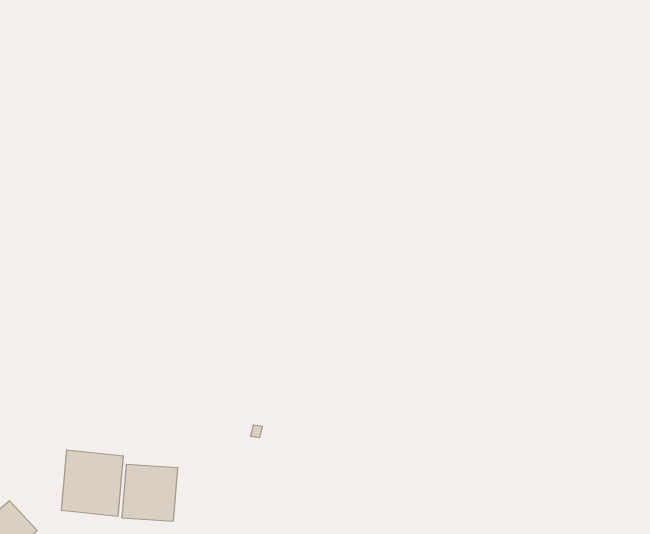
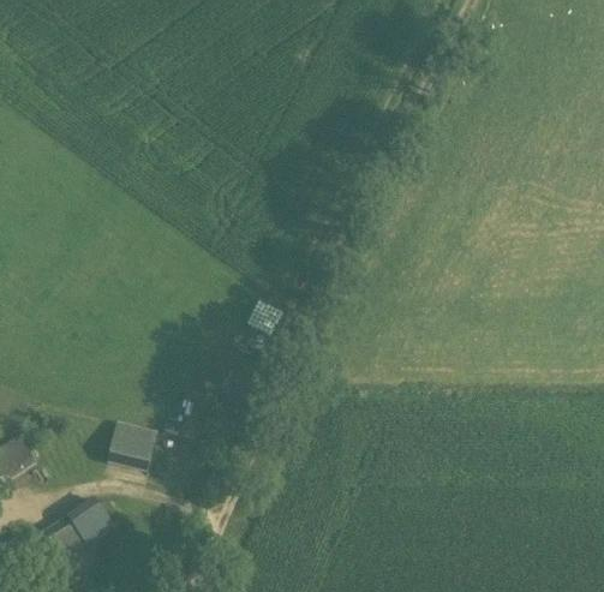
building: [62,450,123,516] -> none

